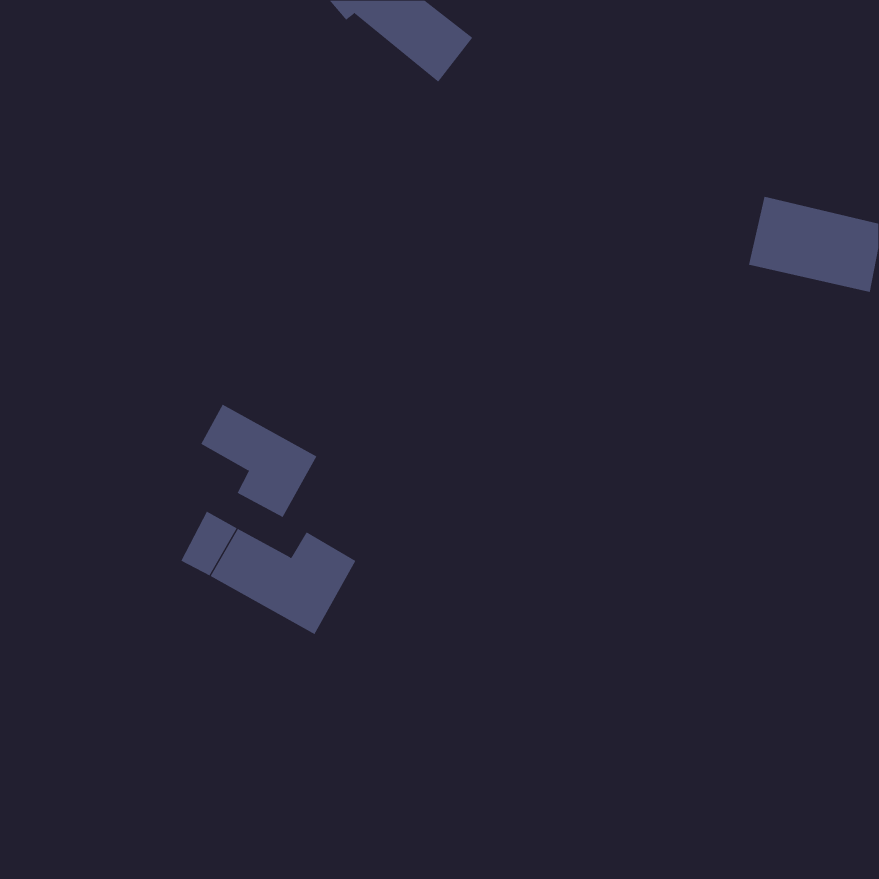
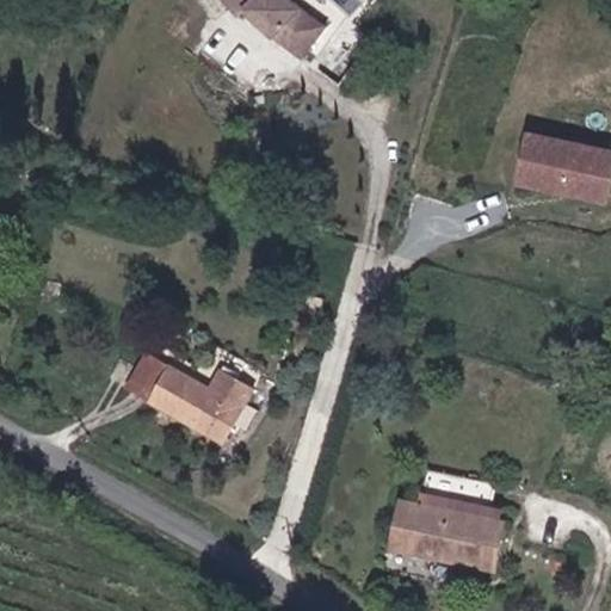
building: [201,404,317,518] -> none
building: none -> [388,471,501,573]

